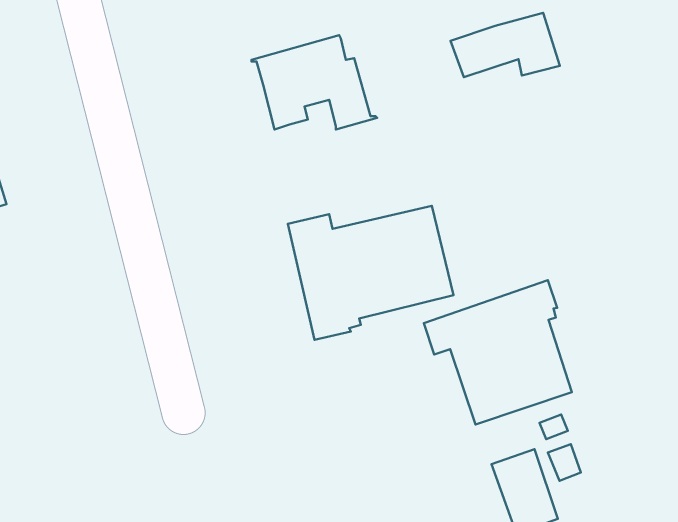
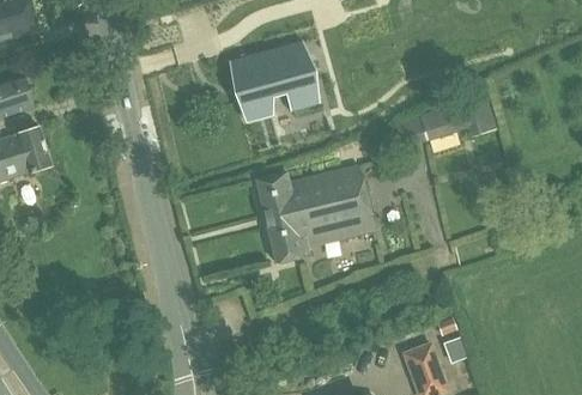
building: [451,13,560,77] -> [418,92,497,139]
building: [424,280,572,424] -> none

